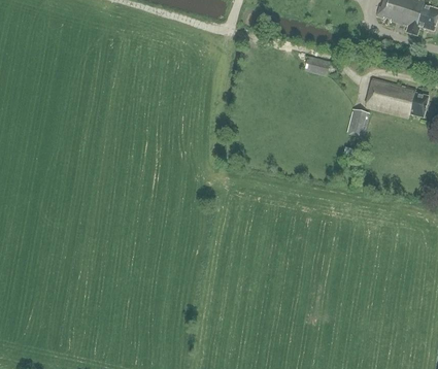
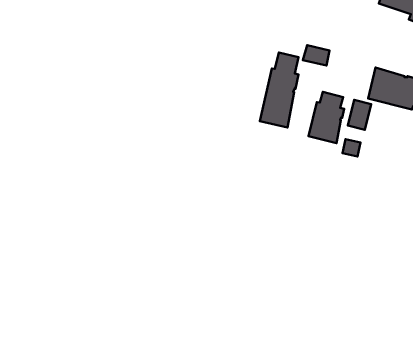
building: none -> [260,52,299,128]
building: none -> [308,92,344,143]

